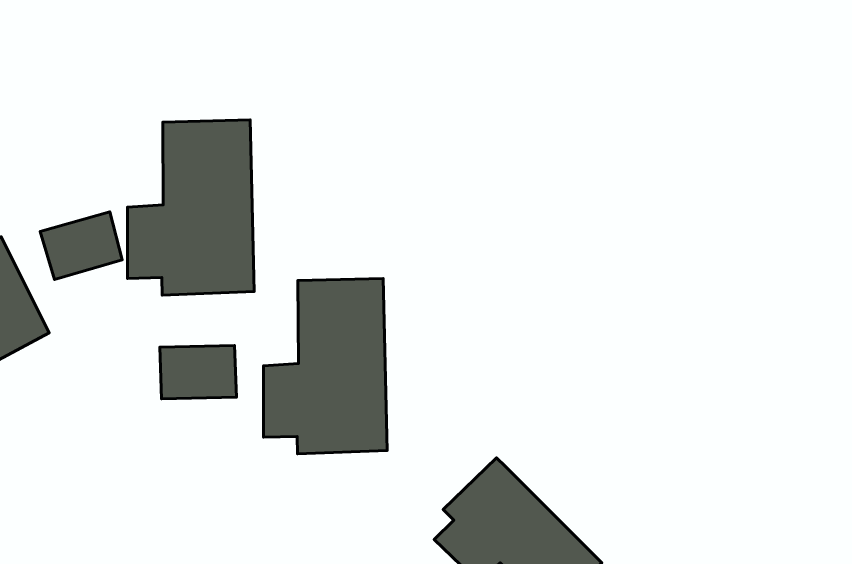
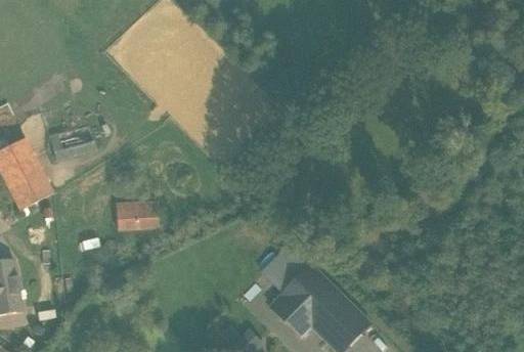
building: [127,120,254,295] -> none
building: [263,279,387,454] -> none

